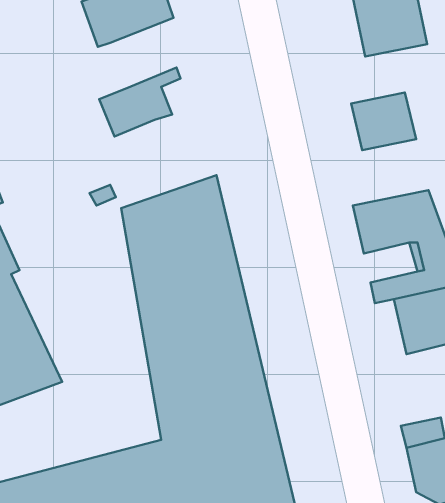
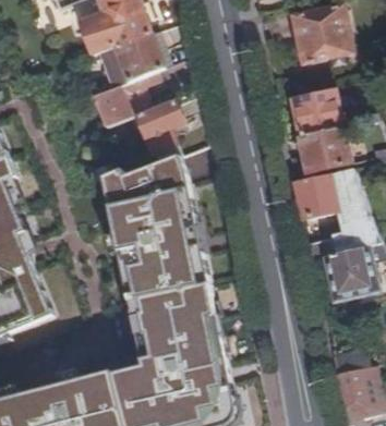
building: none -> [99,28,162,86]
building: none -> [134,96,182,160]
building: none -> [299,126,350,170]

